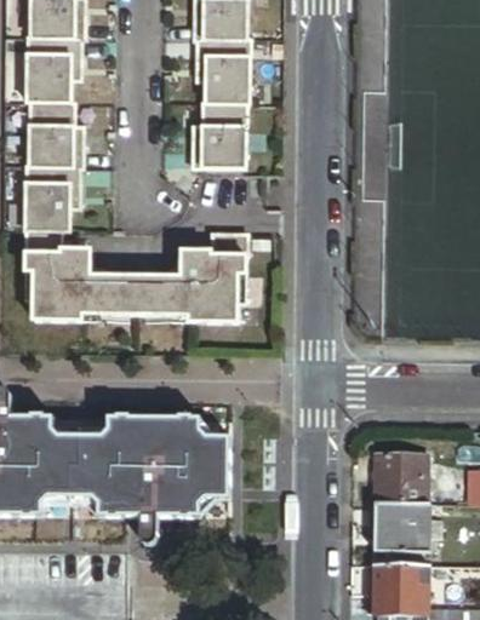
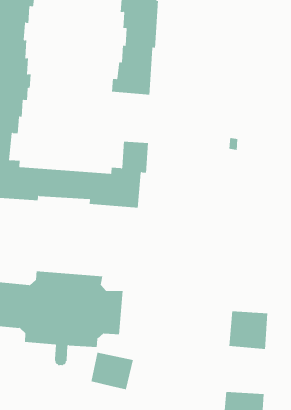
building: [373,501,428,550] -> none
building: none -> [91,352,134,390]

